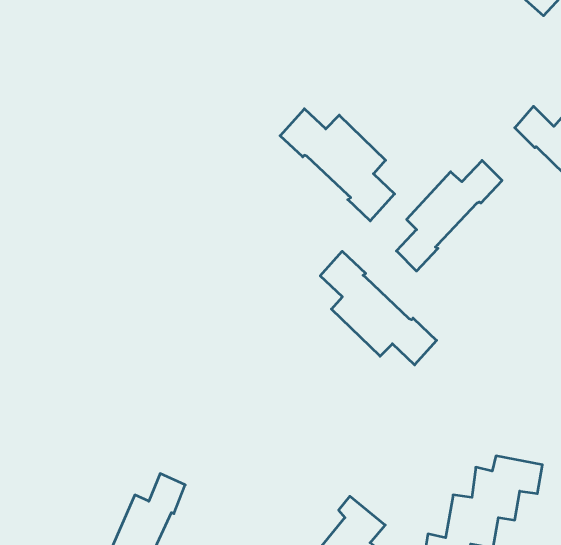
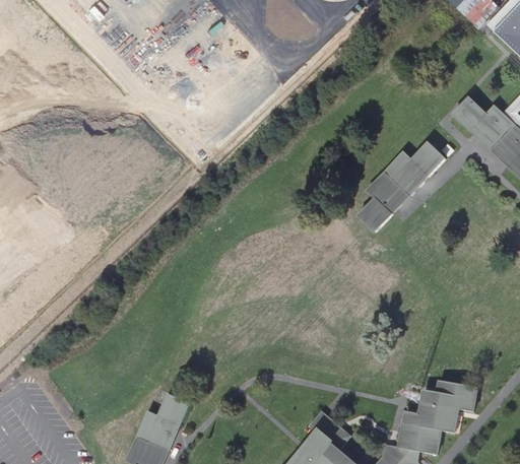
building: [280,109,395,221] -> none
building: [320,251,437,365] -> none

